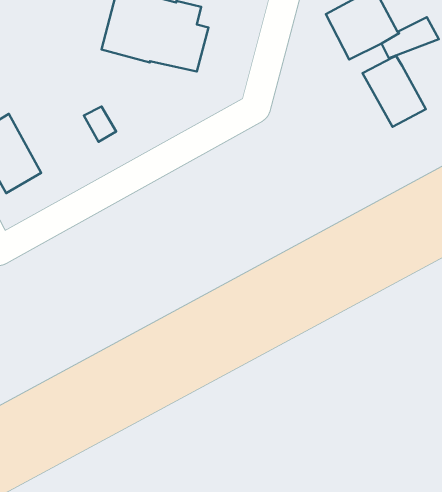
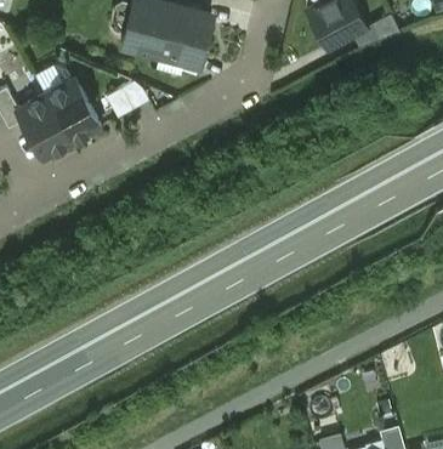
building: [362,55,426,127] -> none
building: none -> [45,80,102,144]

